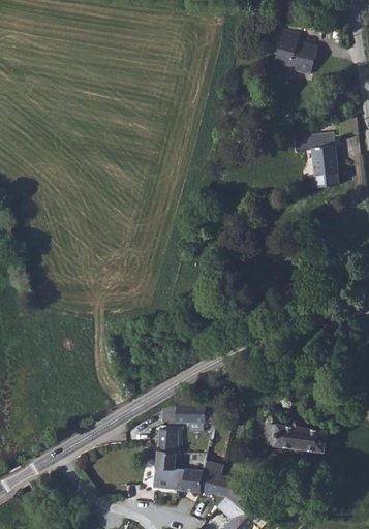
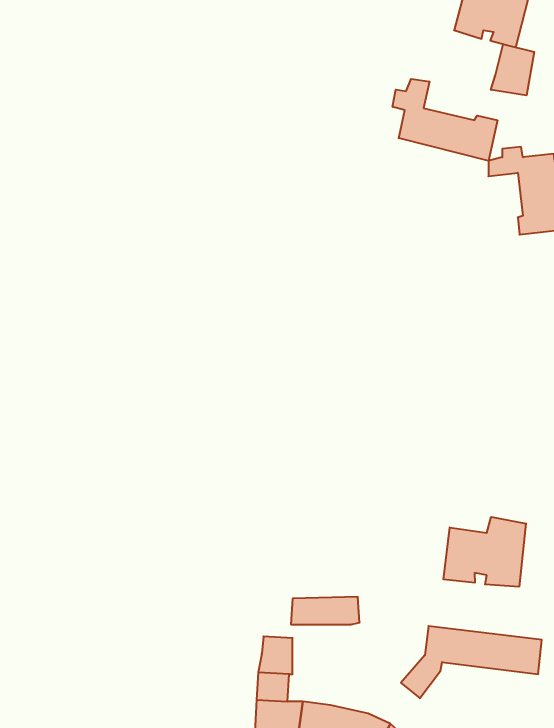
building: none -> [491,44,534,95]
building: none -> [393,79,497,161]
building: none -> [443,517,526,587]

